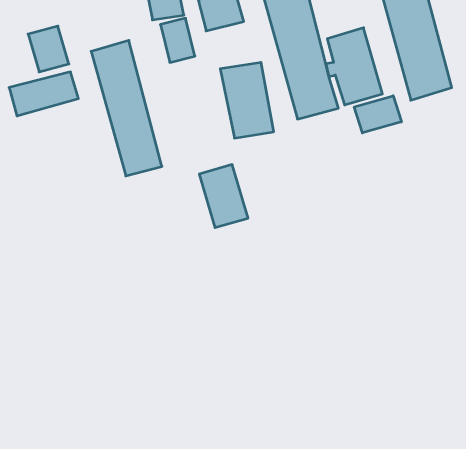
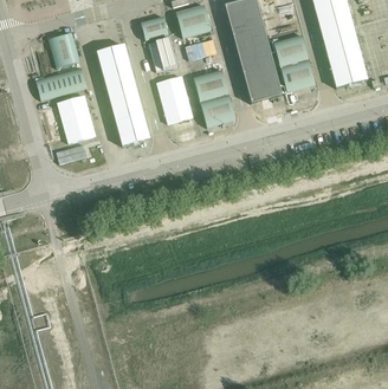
building: [354,96,401,133] -> none
building: none -> [56,96,95,143]
building: [199,165,248,228] -> [156,77,193,124]

